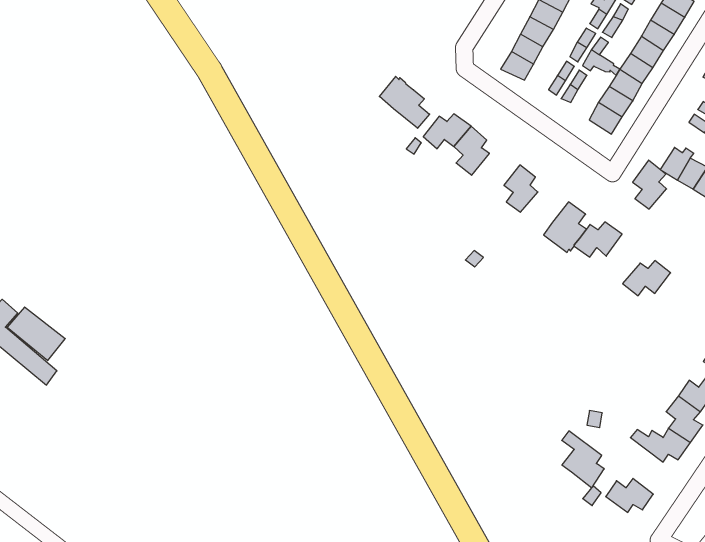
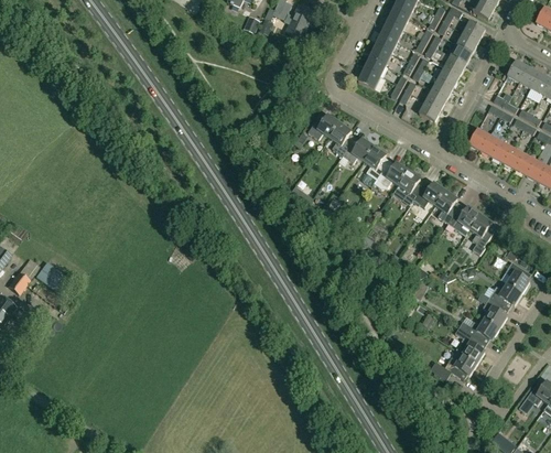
building: [379,76,430,128] -> none
building: none -> [342,137,374,162]
building: [633,160,667,209] -> [435,188,458,222]
building: none -> [374,161,408,186]
building: none -> [469,213,495,252]
building: [562,431,604,488] -> [454,325,484,363]

